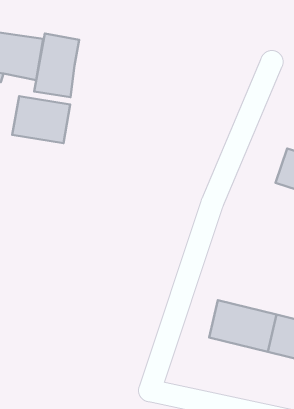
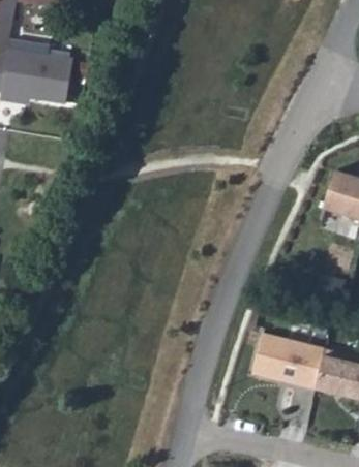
building: [34,33,79,97] -> none
building: [12,96,70,143] -> none

